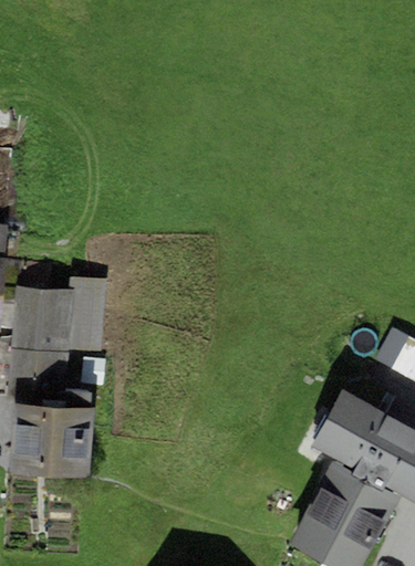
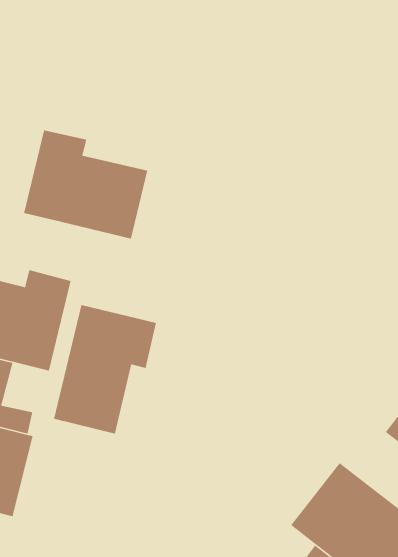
building: none -> [23,129,148,239]
building: none -> [53,304,157,434]

